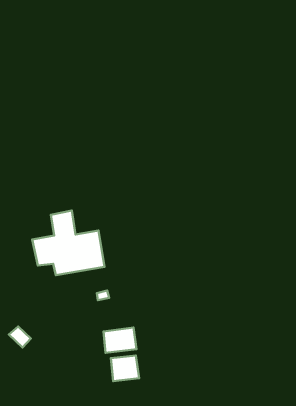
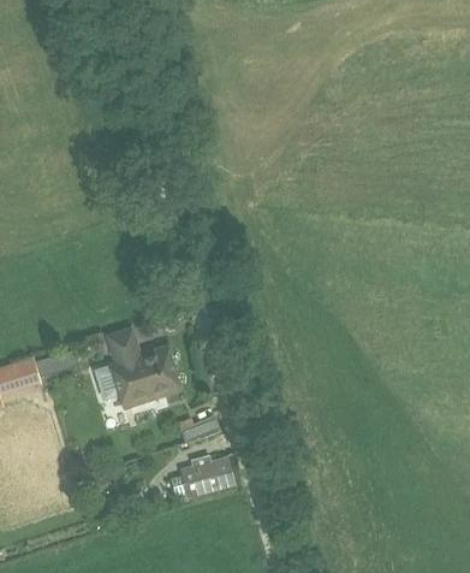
building: [111,355,139,381] -> none

